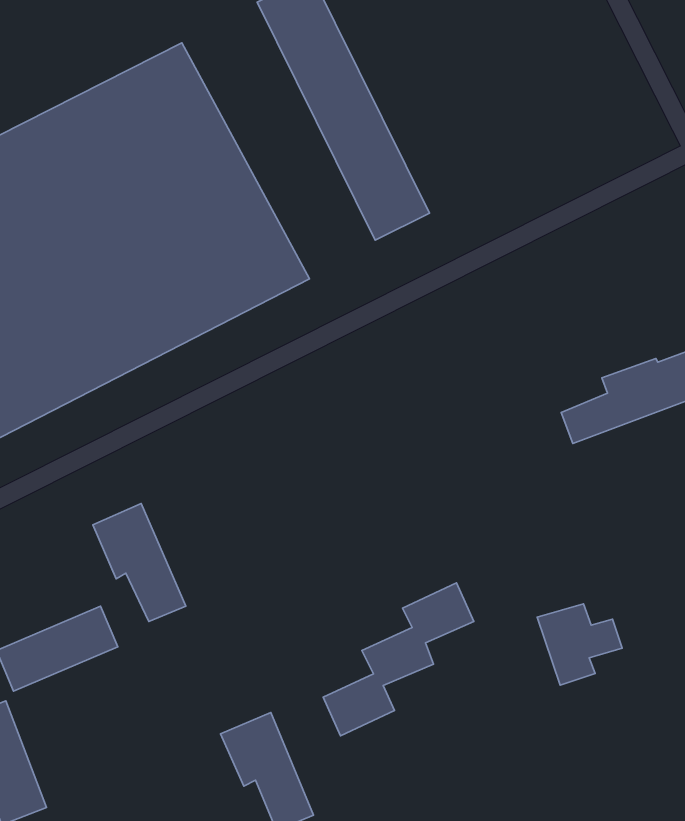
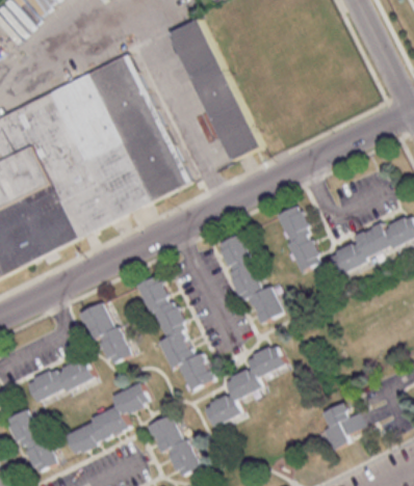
building: none -> [277,205,320,271]
building: none -> [216,234,282,323]
building: none -> [138,274,212,390]
building: [537,604,622,685] -> [318,405,364,449]
building: none -> [64,383,150,453]

